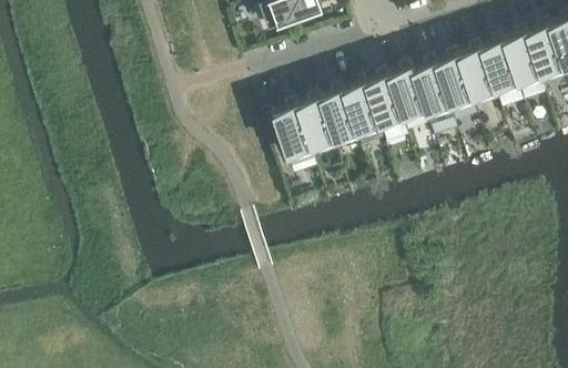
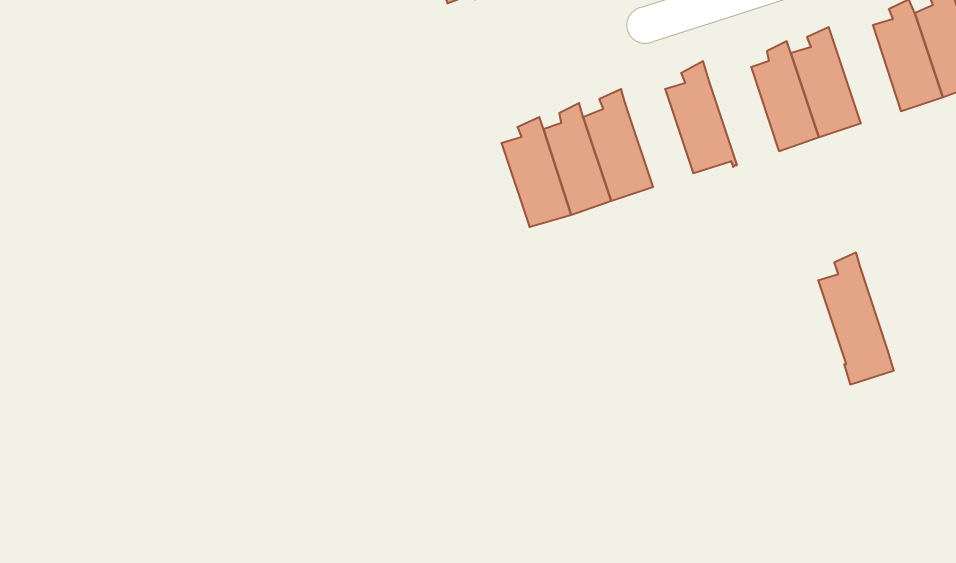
building: [484,34,521,95] -> none
building: [415,57,457,130] -> [818,253,894,384]
building: [368,69,406,131] -> none
building: [274,100,315,162] -> none

